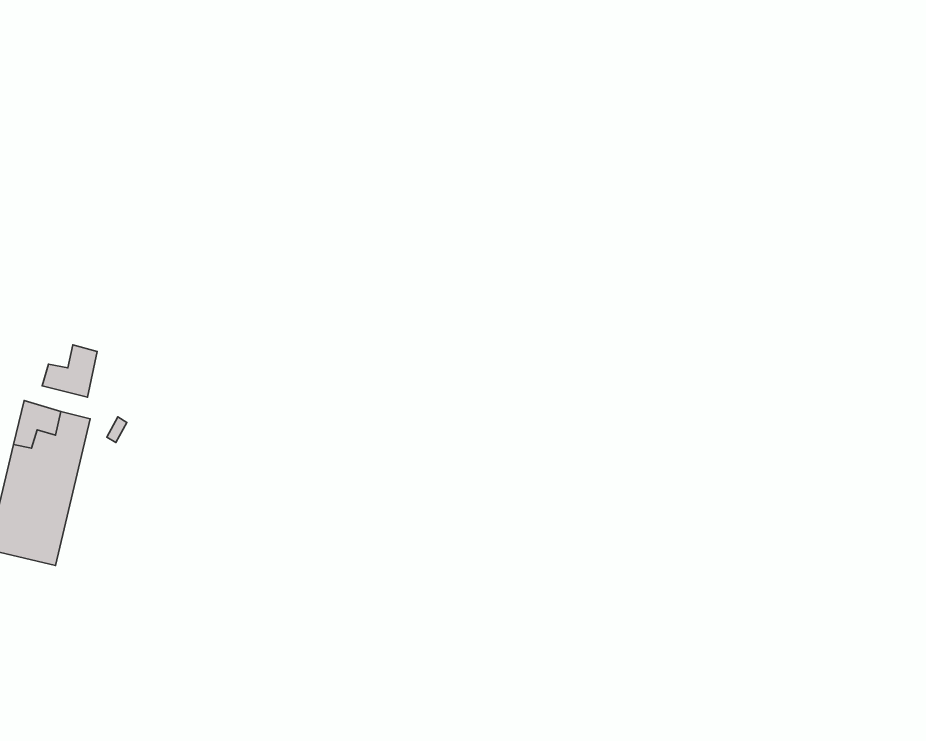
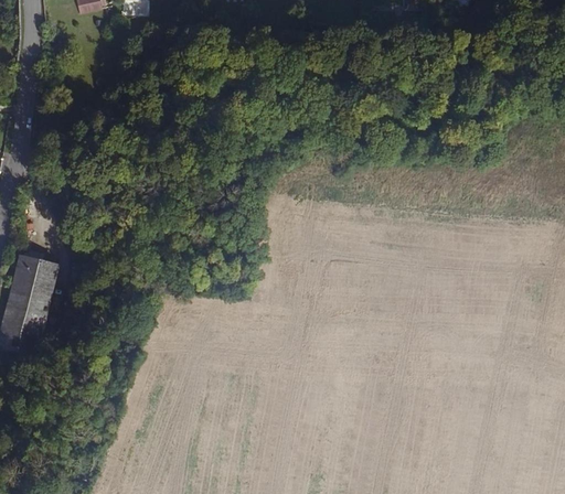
building: [42,345,97,397] -> none

